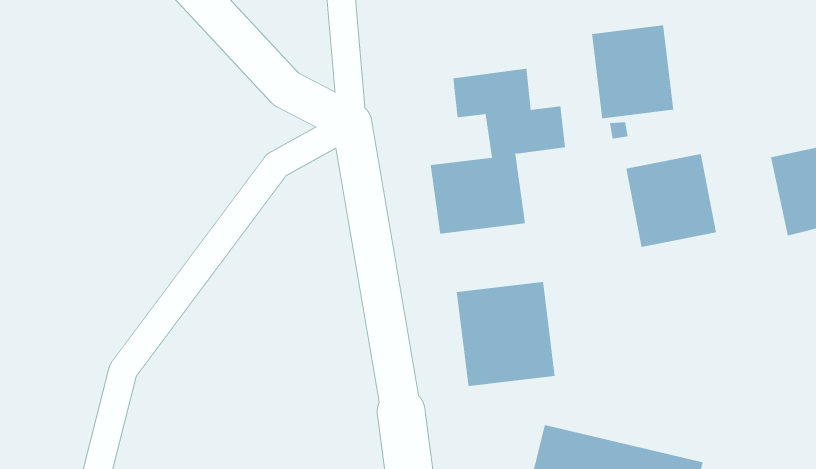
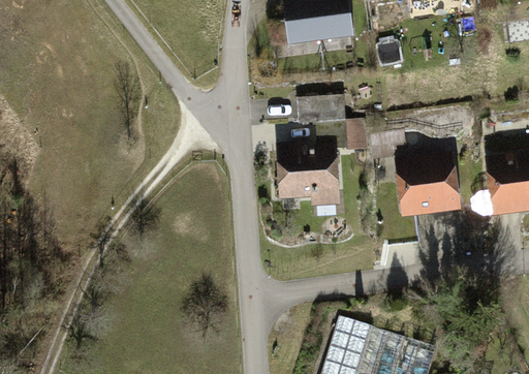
building: [592,25,674,119] -> none
building: [456,281,555,387] -> none

